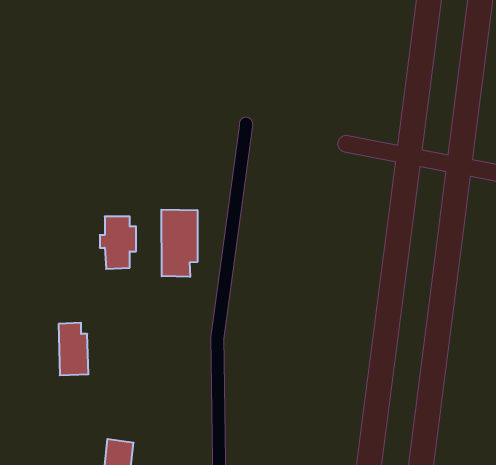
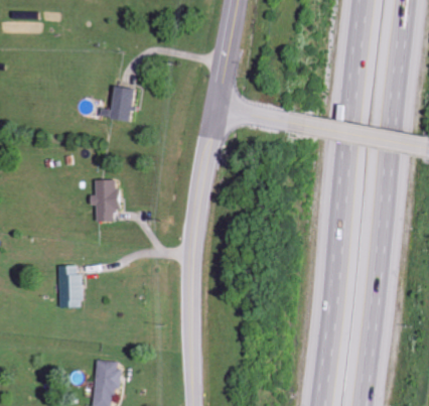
building: none -> [101,86,137,121]
building: [161,210,197,277] -> none

